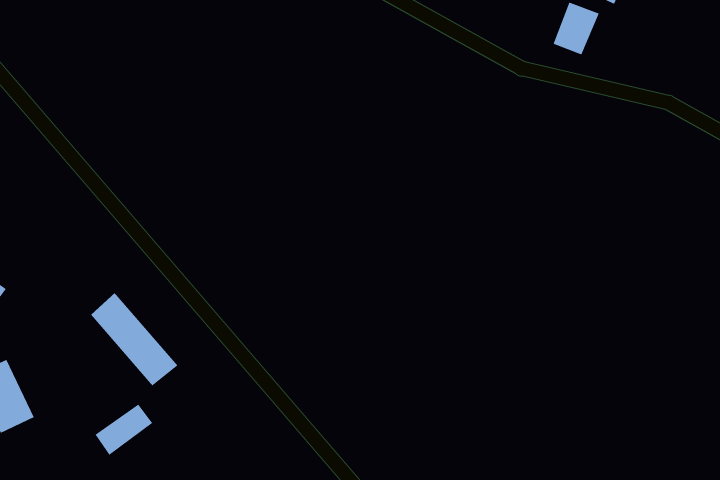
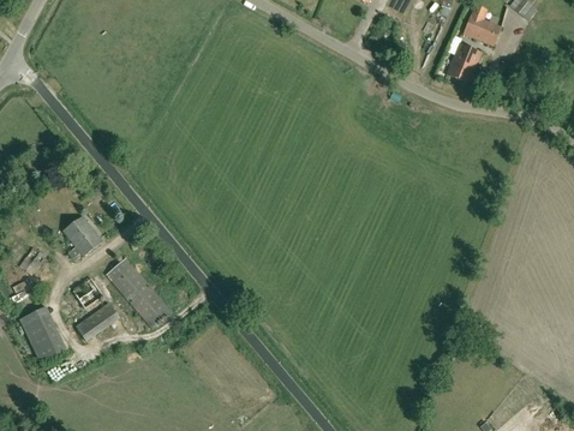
building: none -> [64,215,102,258]
building: [94,404,153,456] -> [76,303,119,341]

